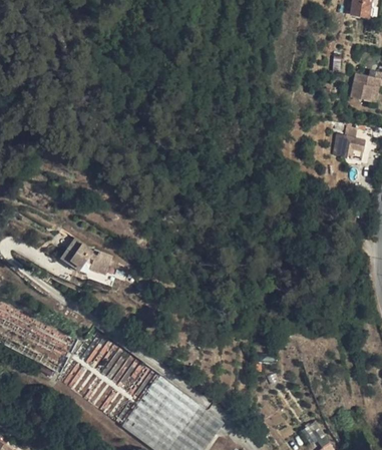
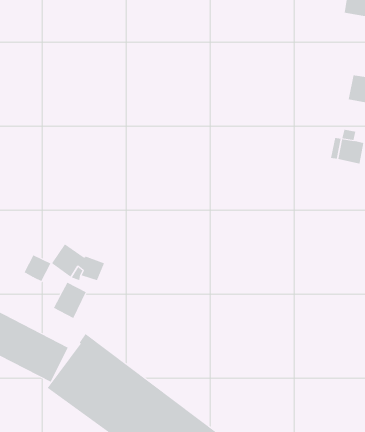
building: none -> [24,255,51,282]
building: none -> [53,282,87,319]

